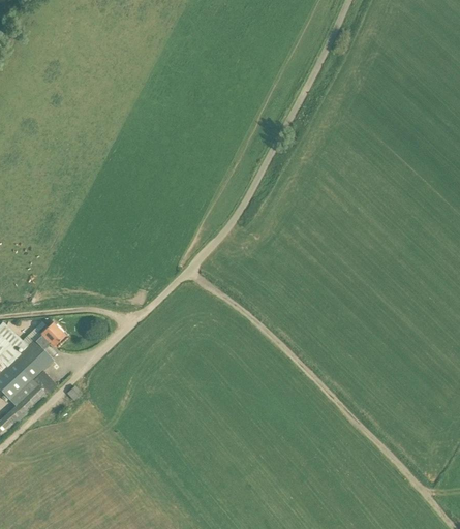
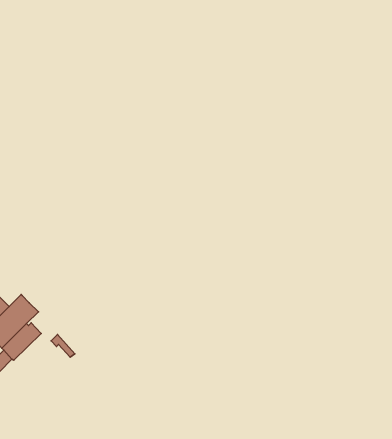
building: [34,321,64,348] -> none

